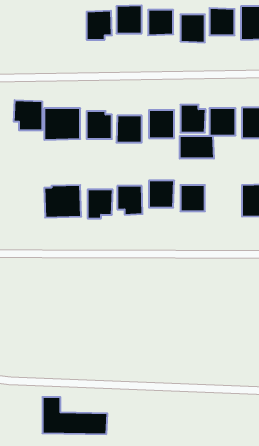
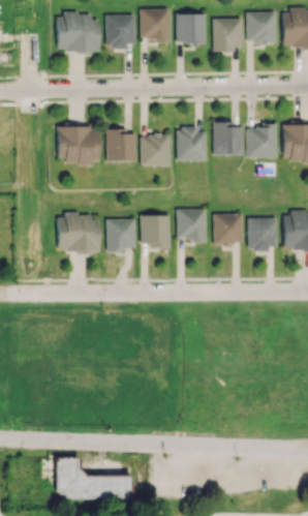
building: none -> [58,14,99,52]
building: [14,100,42,130] -> none
building: [180,136,214,159] -> none
building: none -> [248,218,277,250]

